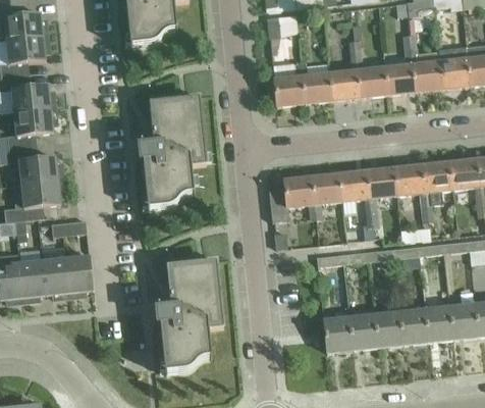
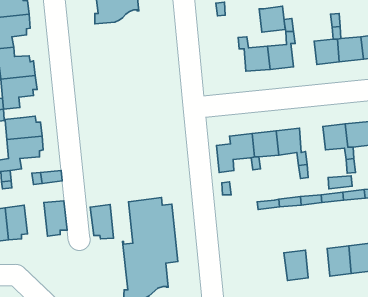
building: [357,66,387,97] -> [259,6,285,32]
building: [274,75,304,105] -> none
building: [141,88,206,209] -> none
building: [367,167,397,198] -> none
building: [42,257,69,298] -> [90,204,114,239]
building: [374,311,402,346] -> none
building: [323,316,353,351] -> none

